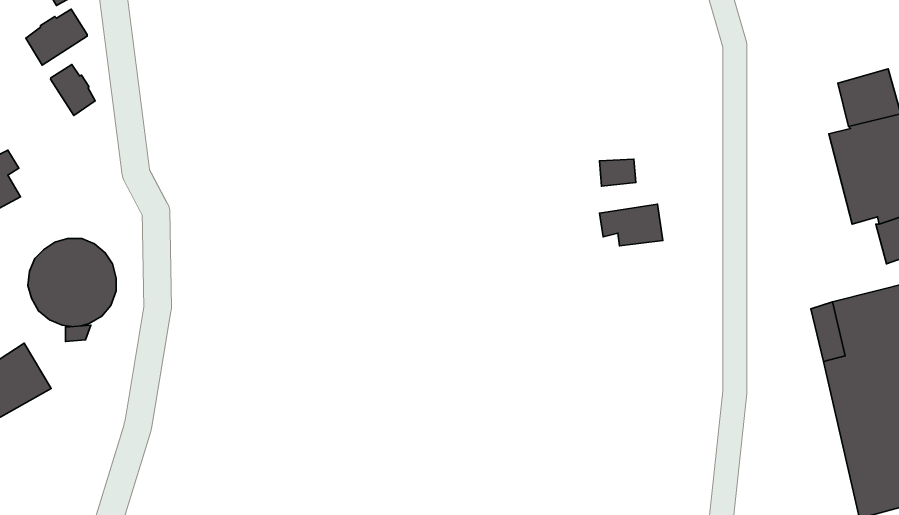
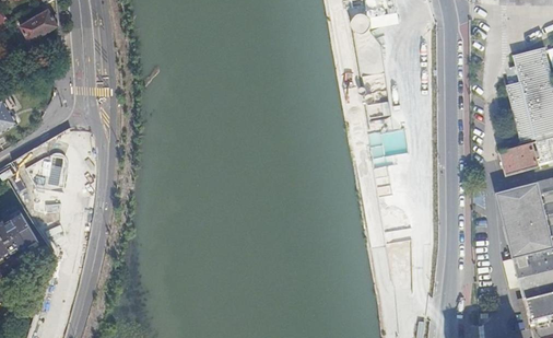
building: [50,64,95,116] -> none
building: none -> [502,141,539,174]

